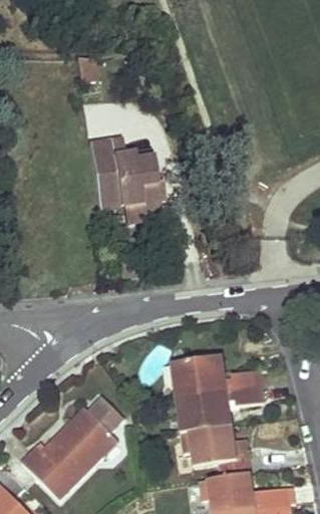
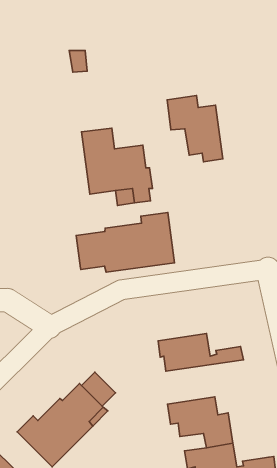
building: none -> [167,96,223,162]
building: none -> [76,213,175,272]
building: [179,384,264,432] -> none

